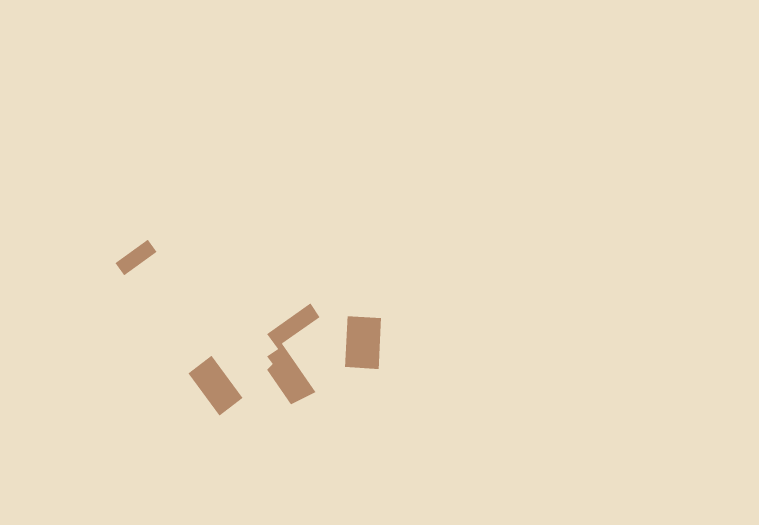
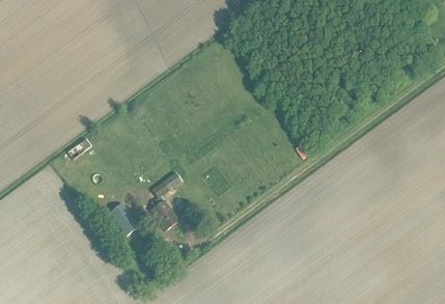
building: [345,315,382,370] -> none

